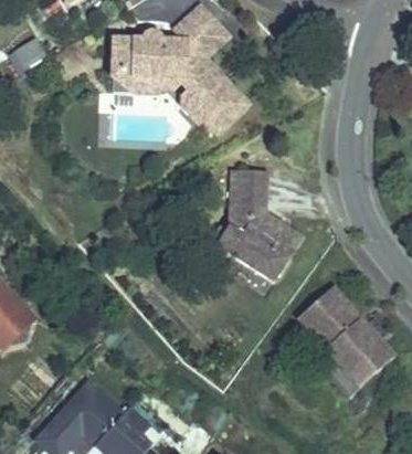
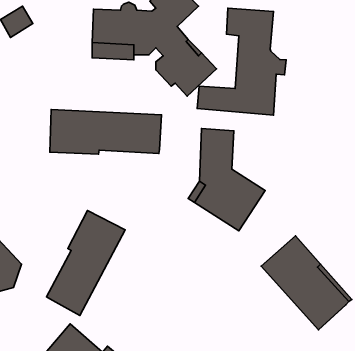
building: none -> [197,8,286,115]
building: none -> [50,109,162,154]
building: none -> [46,211,125,315]

